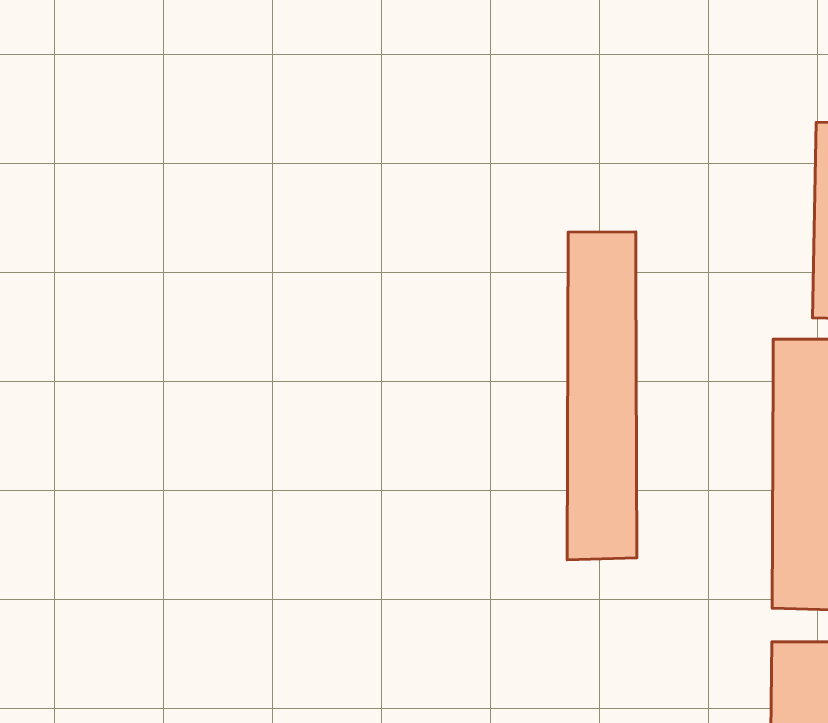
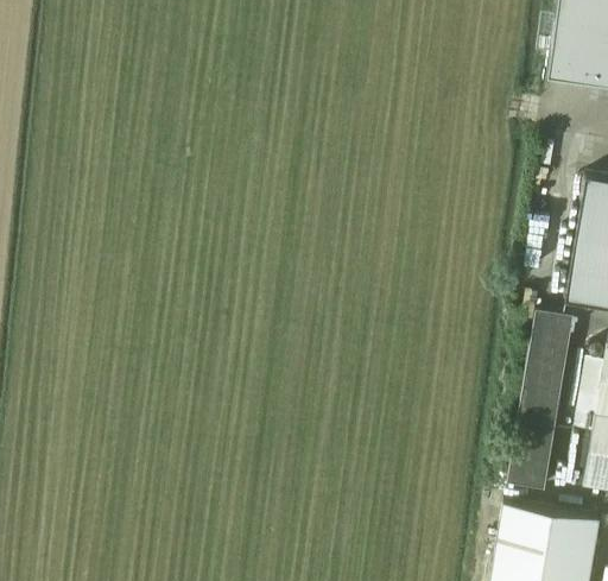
building: [567,232,637,560] -> none

